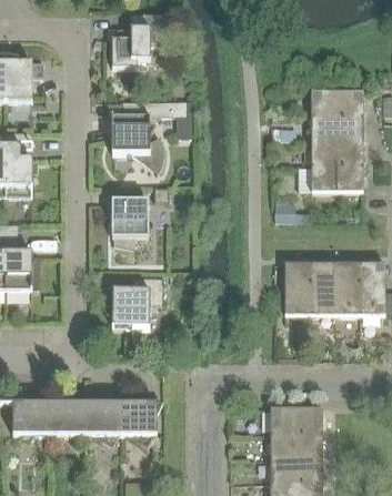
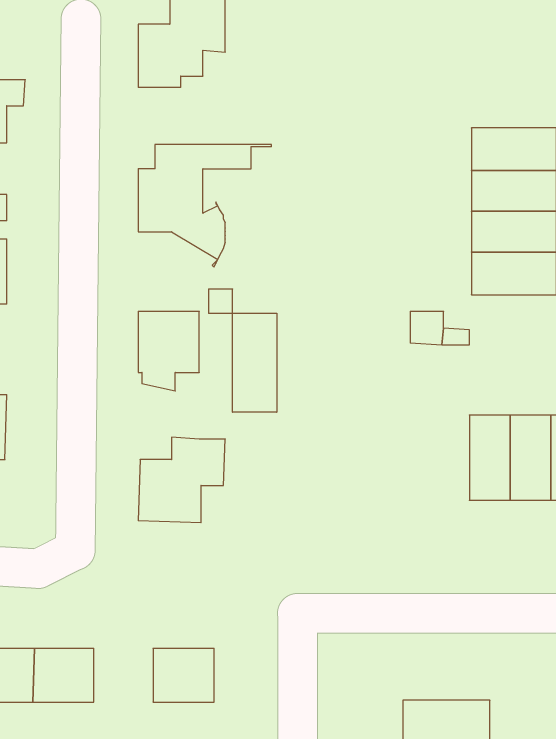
building: none -> [233,313,277,412]
building: [284,263,310,314] -> none
building: [84,403,120,435] -> none
building: [270,408,322,434] -> none

